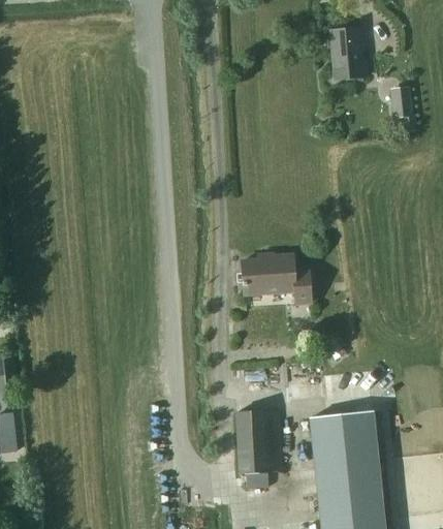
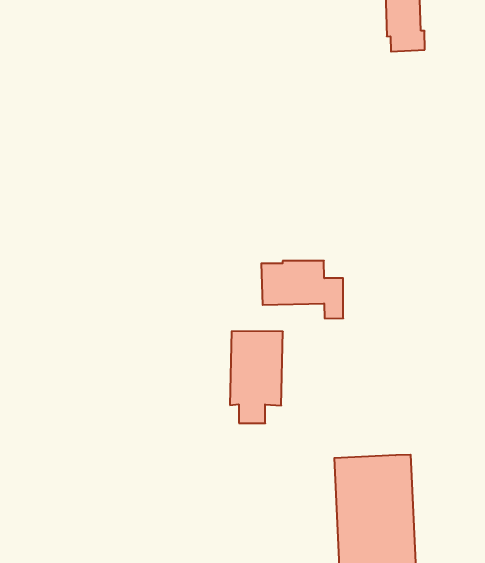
building: [390,88,413,129] -> none
building: [235,410,280,488] -> [230,331,283,423]

